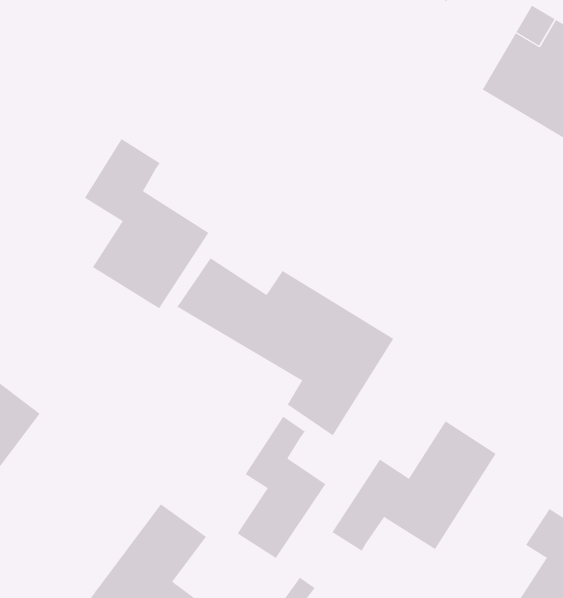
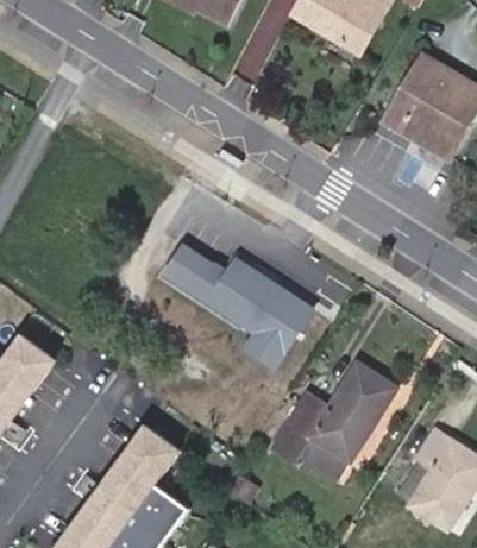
building: [84,138,209,309] -> none
building: [237,416,326,559] -> none
building: none -> [297,436,349,480]

